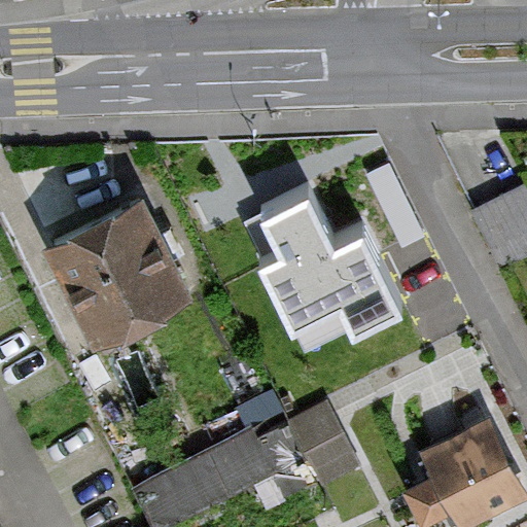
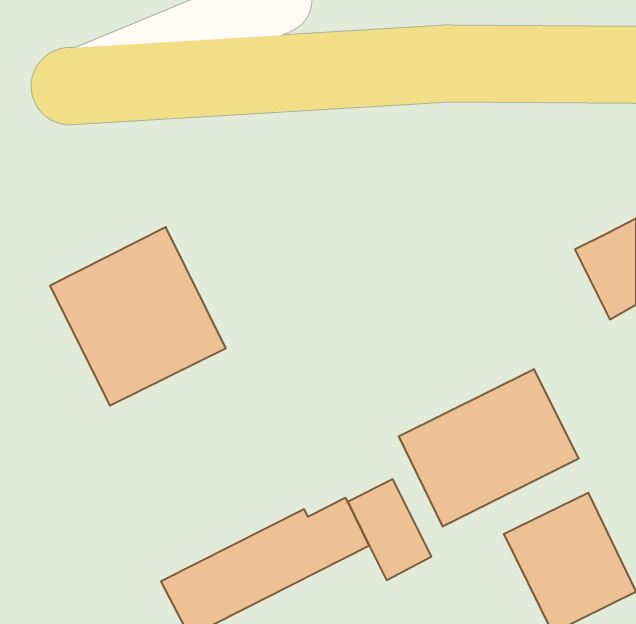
building: [251,199,397,331] -> none
building: none -> [399,369,578,527]

